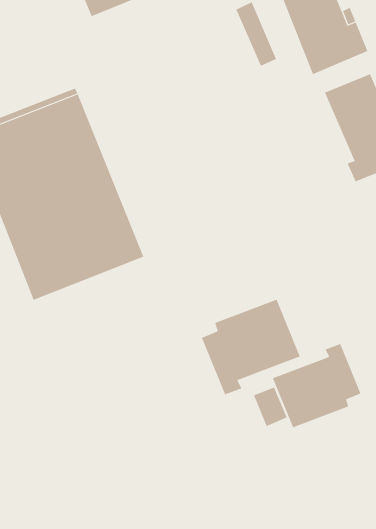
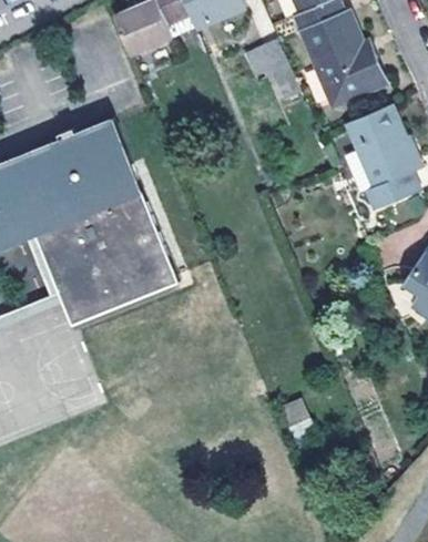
building: [201,299,300,395] -> none
building: [272,343,361,428] -> none

